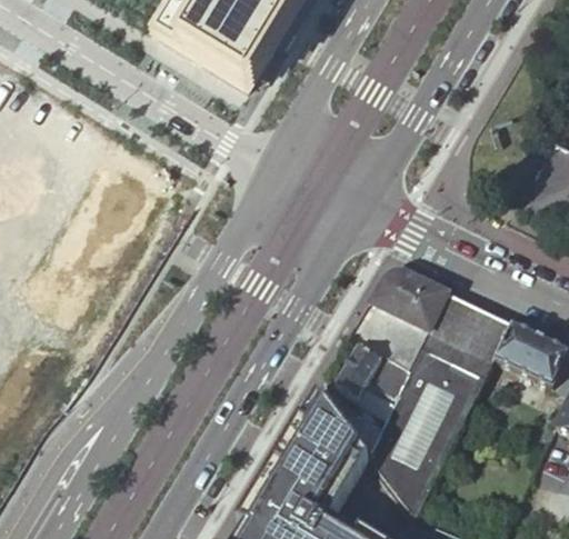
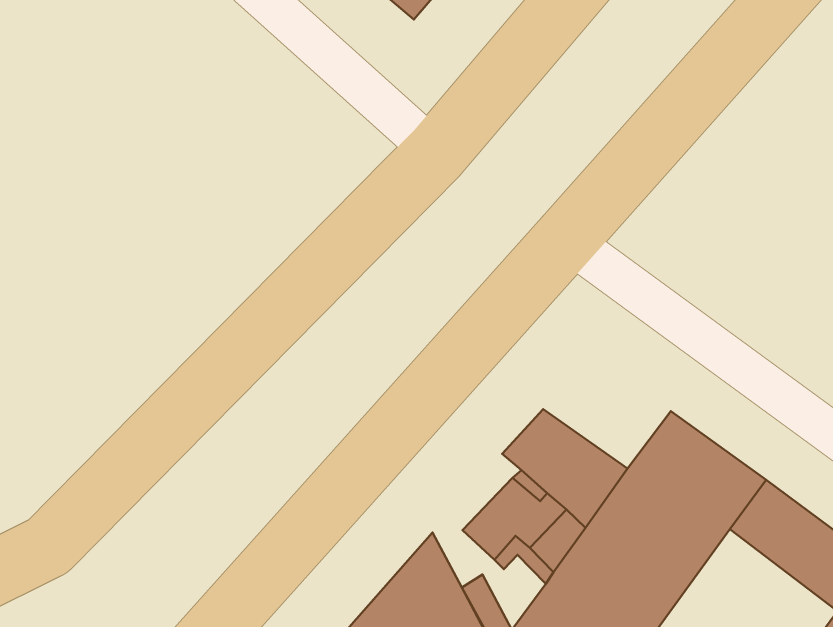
building: [371,271,448,330] -> none

